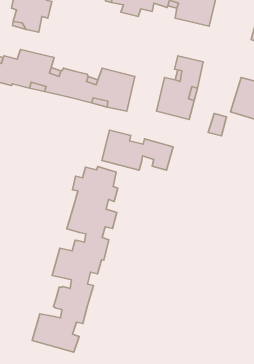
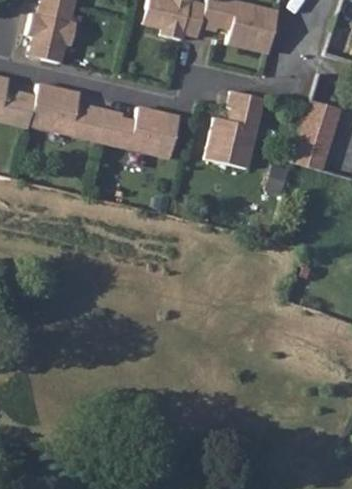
building: [102,130,173,170] -> none
building: [32,167,118,352] -> none

